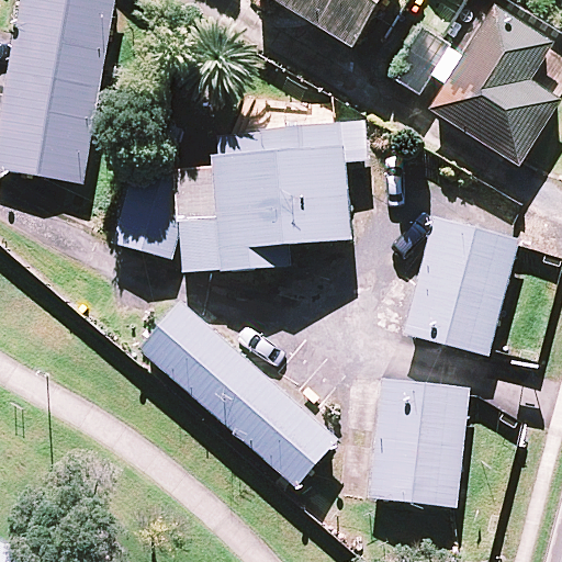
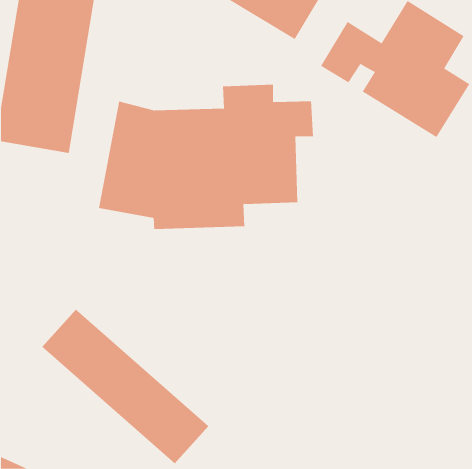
building: [407,220,518,355] -> none
building: [137,301,336,485] -> [42,309,209,464]
building: [371,383,469,506] -> none

